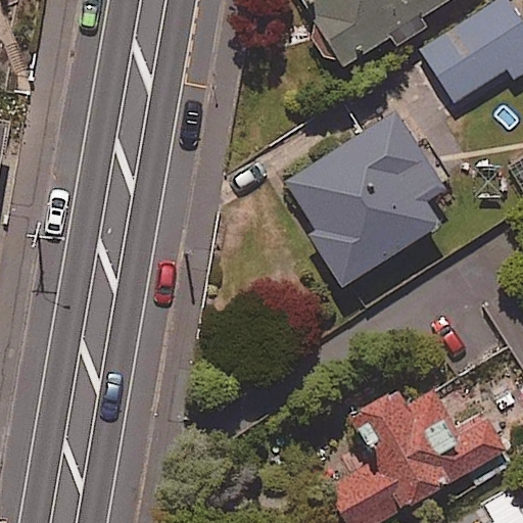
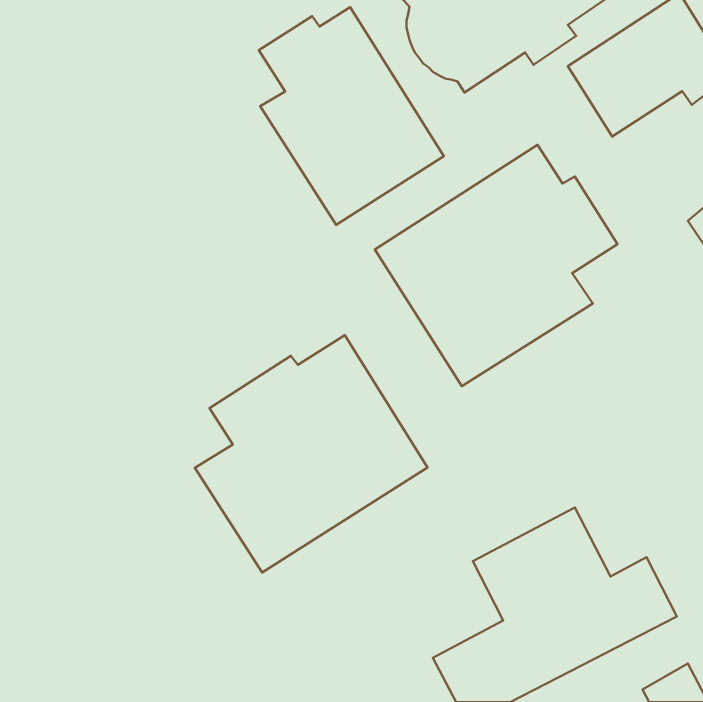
building: none -> [259,7,444,225]
building: none -> [195,335,427,573]

